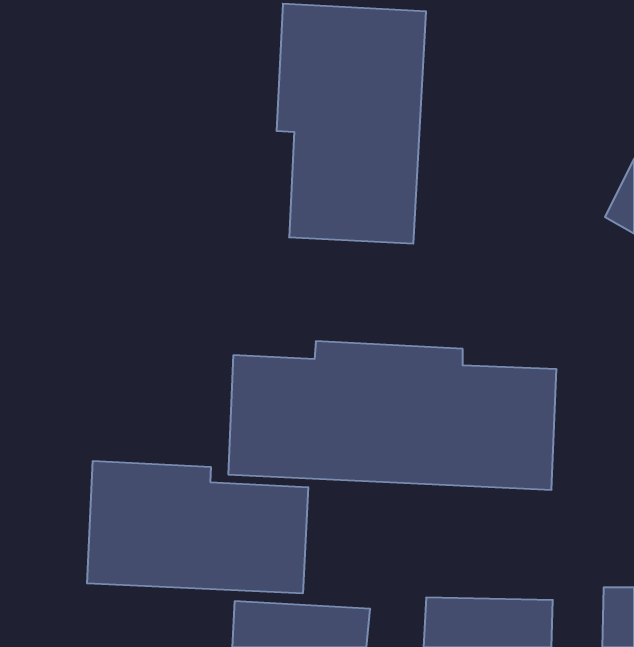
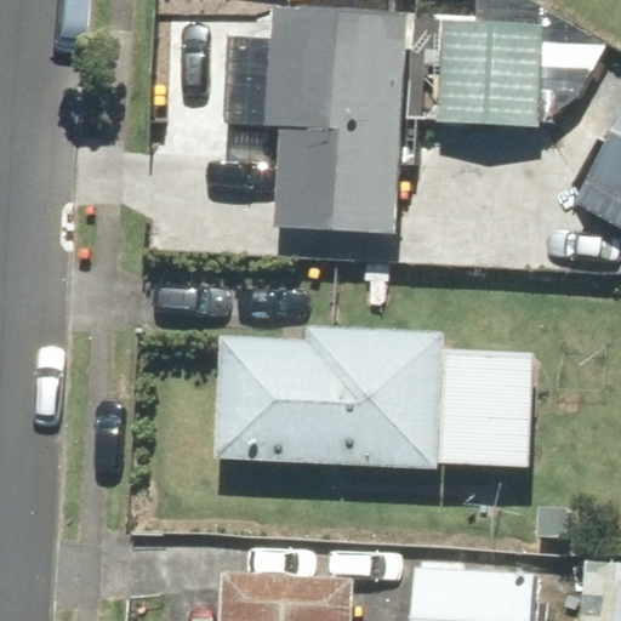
building: none -> [433,21,542,127]
building: [87,461,308,593] -> none

